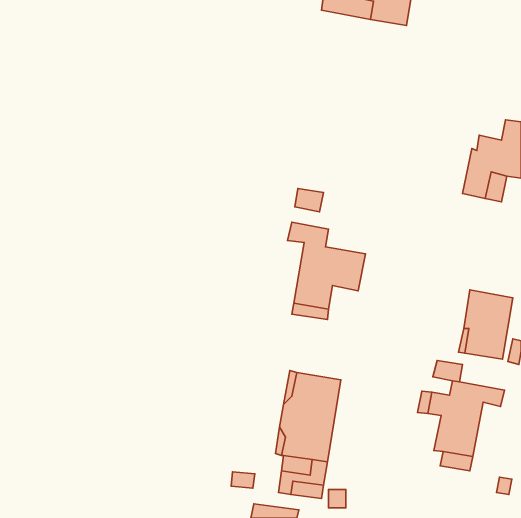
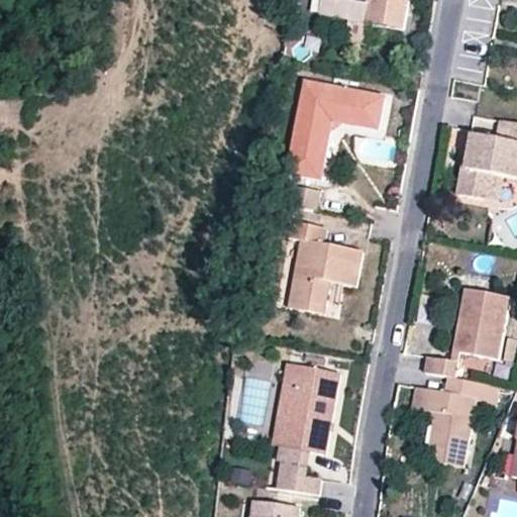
building: none -> [289,83,385,181]

